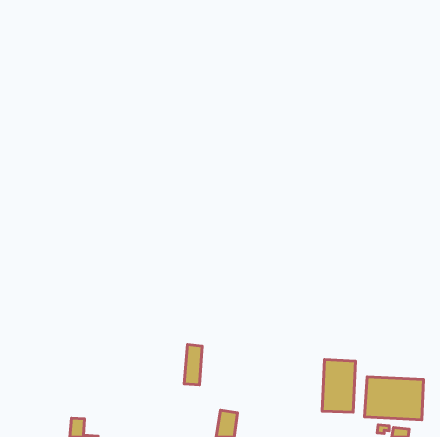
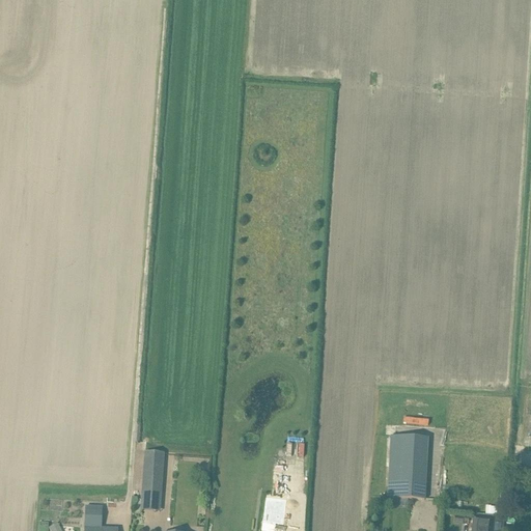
building: [184,344,202,385] -> [141,450,163,499]
building: [364,377,424,420] -> none

